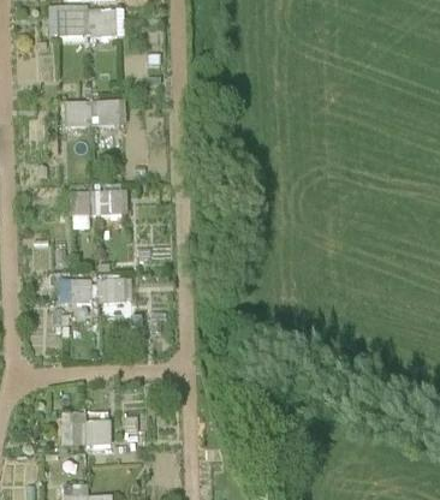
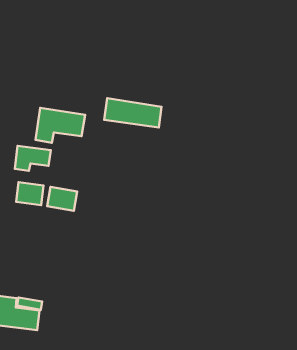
building: [63,99,127,125] -> [104,98,161,127]
building: none -> [15,146,51,171]

